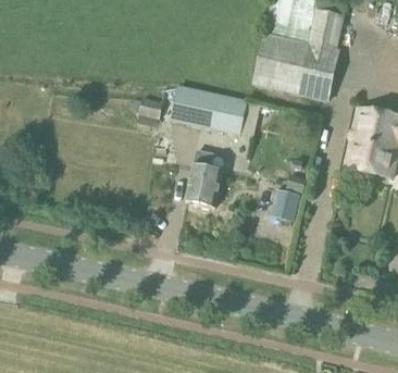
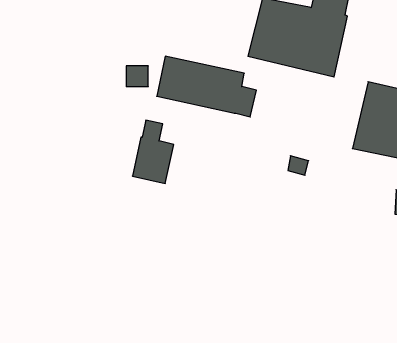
building: [185,149,222,206] -> [132,120,174,183]
building: [270,187,299,220] -> none

